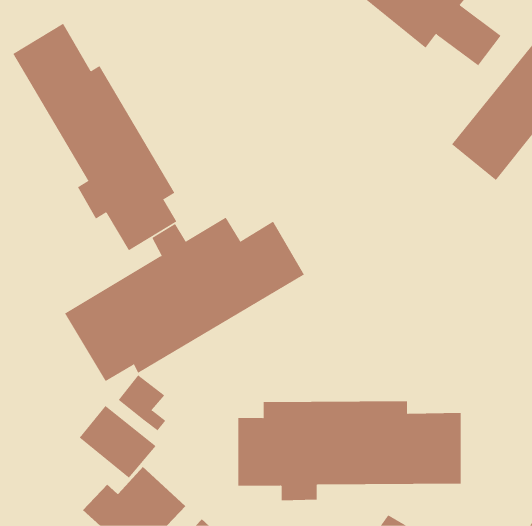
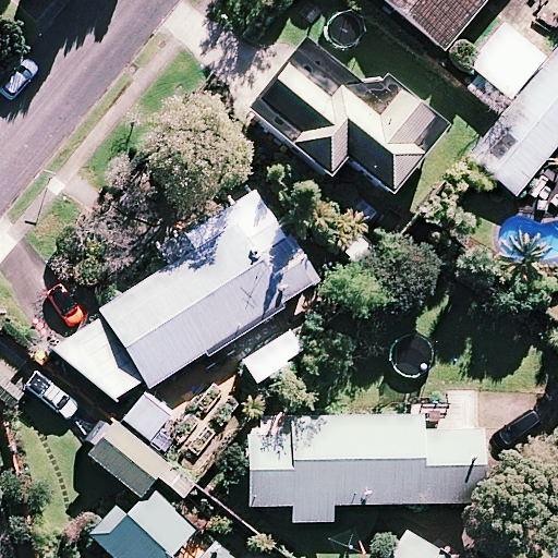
building: [13,23,177,251] -> none
building: none -> [248,48,445,201]

